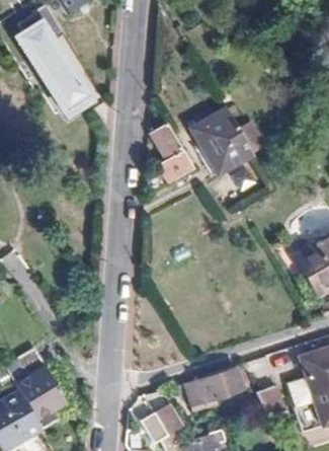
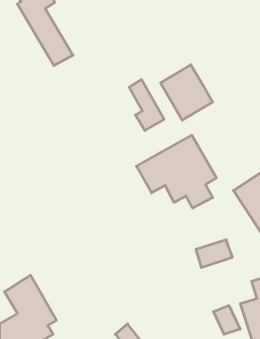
building: none -> [136,135,216,208]
building: [198,371,241,403] -> [196,240,232,268]

